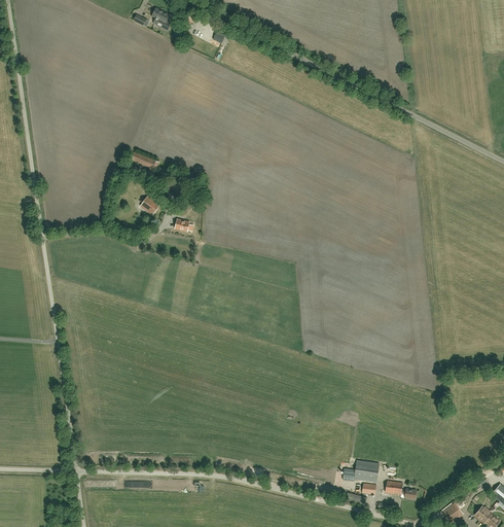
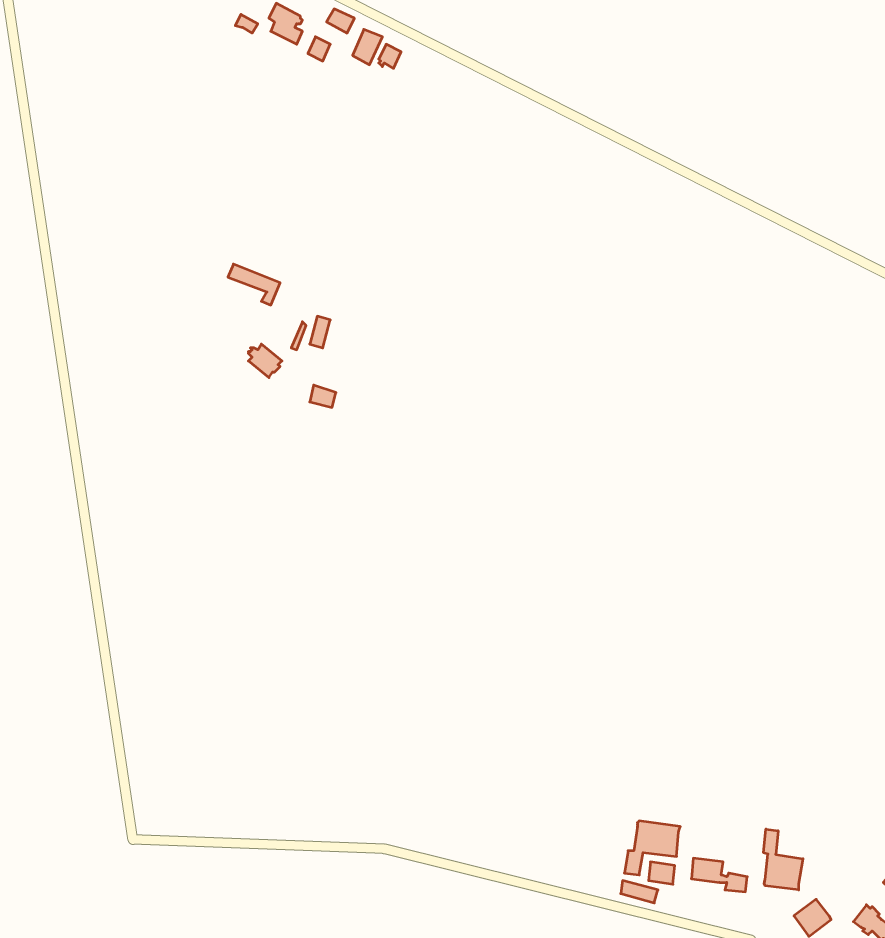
building: none -> [764,829,803,890]

